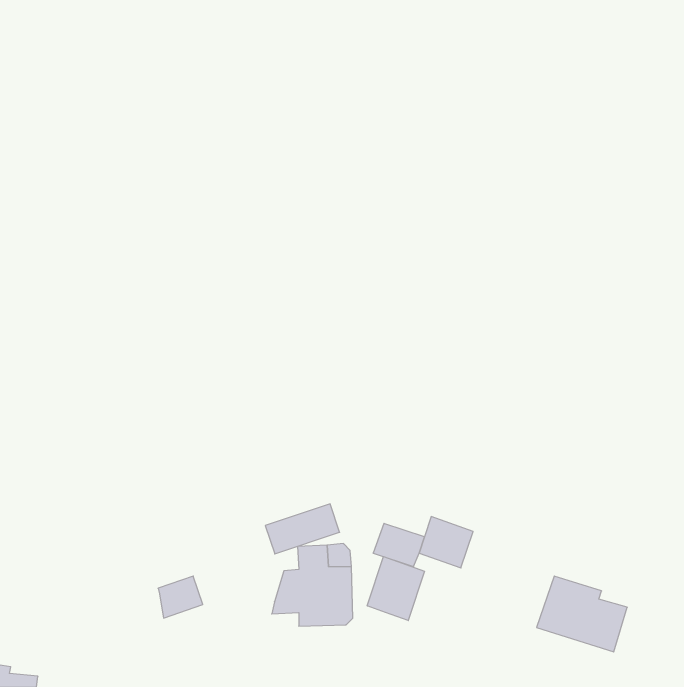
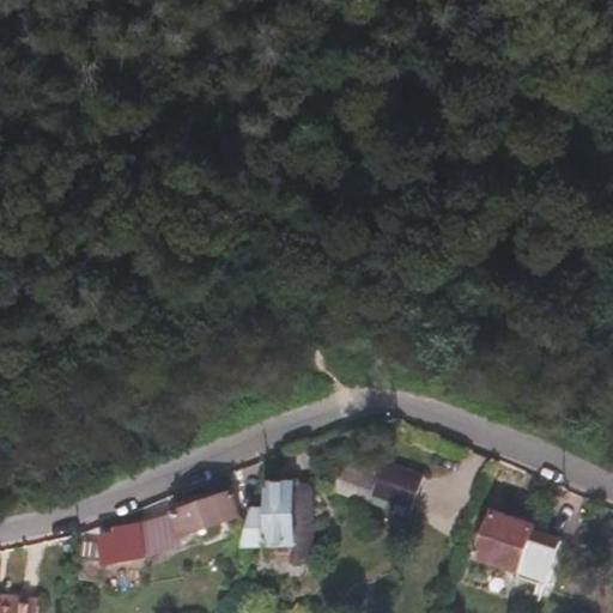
building: [265,504,340,554] -> [171,491,237,535]
building: [367,557,425,621] -> none
building: none -> [96,524,146,559]

